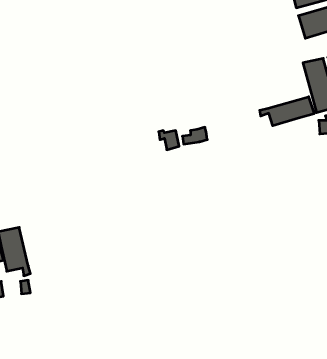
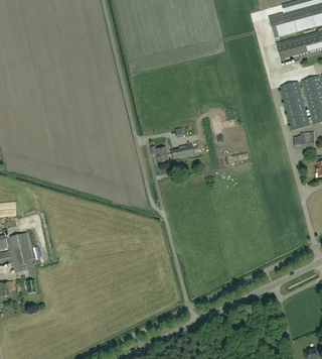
building: [260,97,314,126] -> none

